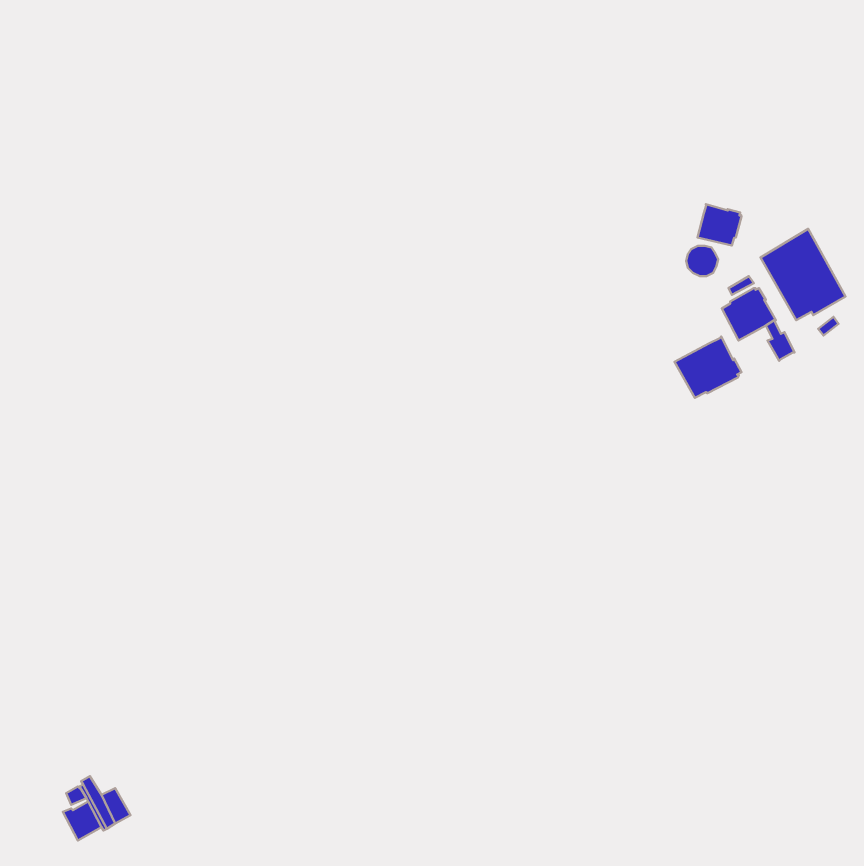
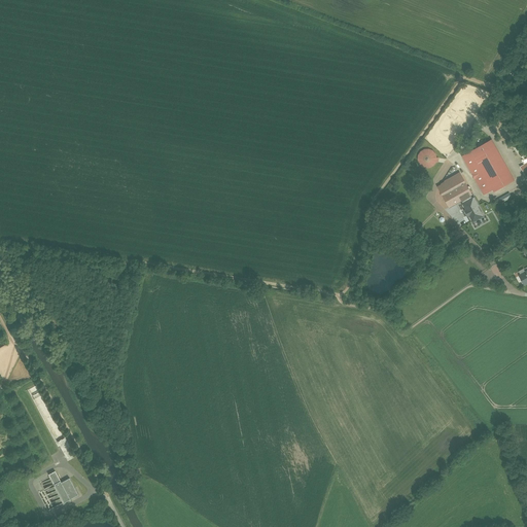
building: [698,204,742,246] -> none
building: [674,336,741,398] -> none

